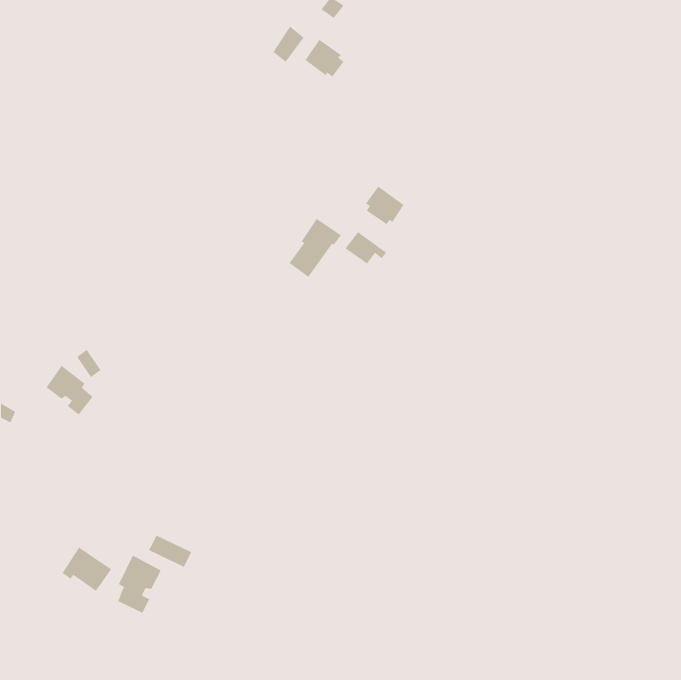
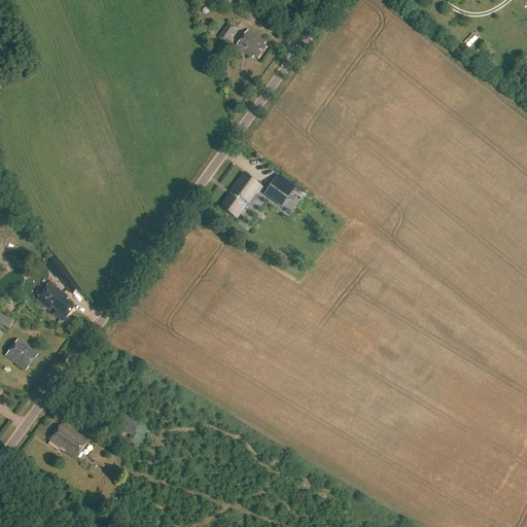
building: [365,185,405,225] -> none
building: none -> [5,338,38,370]
building: [117,554,162,614] -> none

